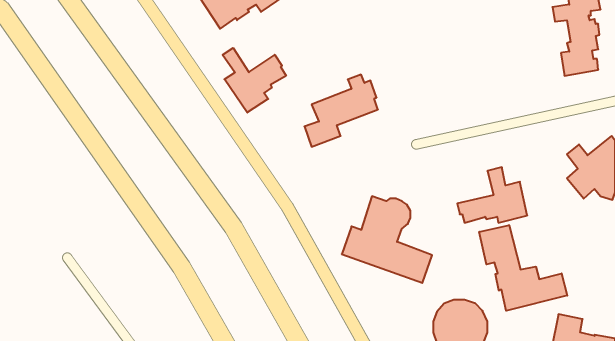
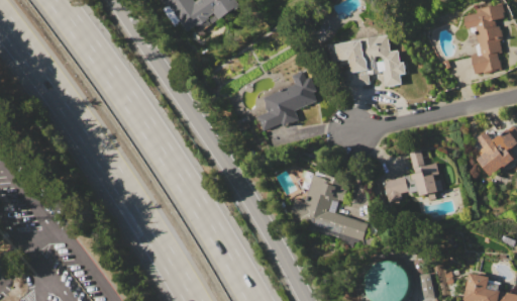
building: none -> [336,34,405,87]
building: [223,48,286,113] -> none
building: [479,225,567,311] -> none

